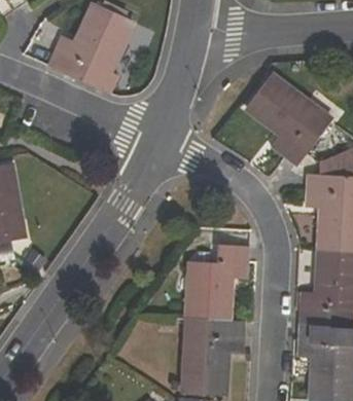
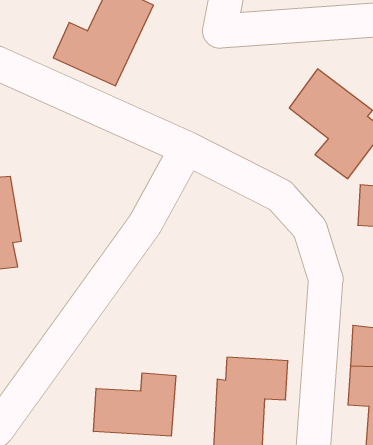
building: [187,241,249,318] -> none
building: none -> [94,373,176,436]

